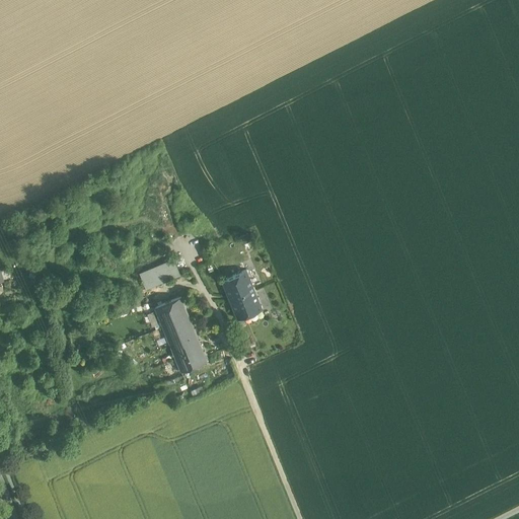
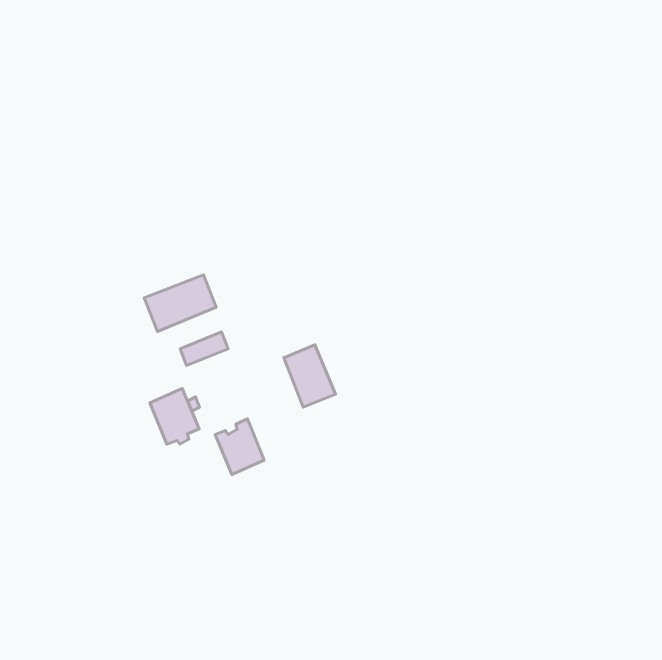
building: none -> [144,275,216,331]
building: [155,298,194,342] -> [150,389,199,444]

